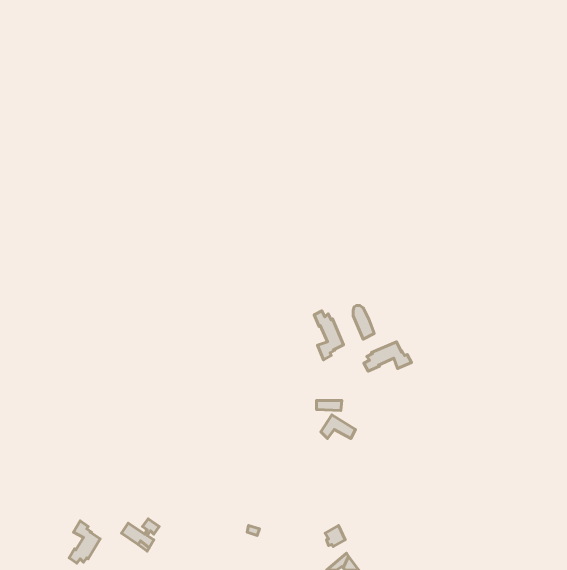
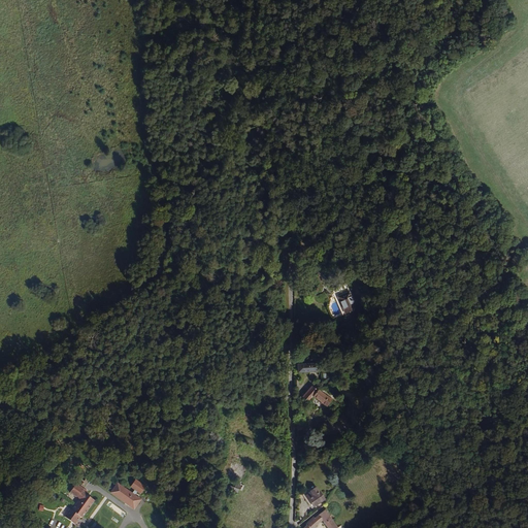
building: [314,311,344,360] -> none
building: [364,342,412,371] -> none

